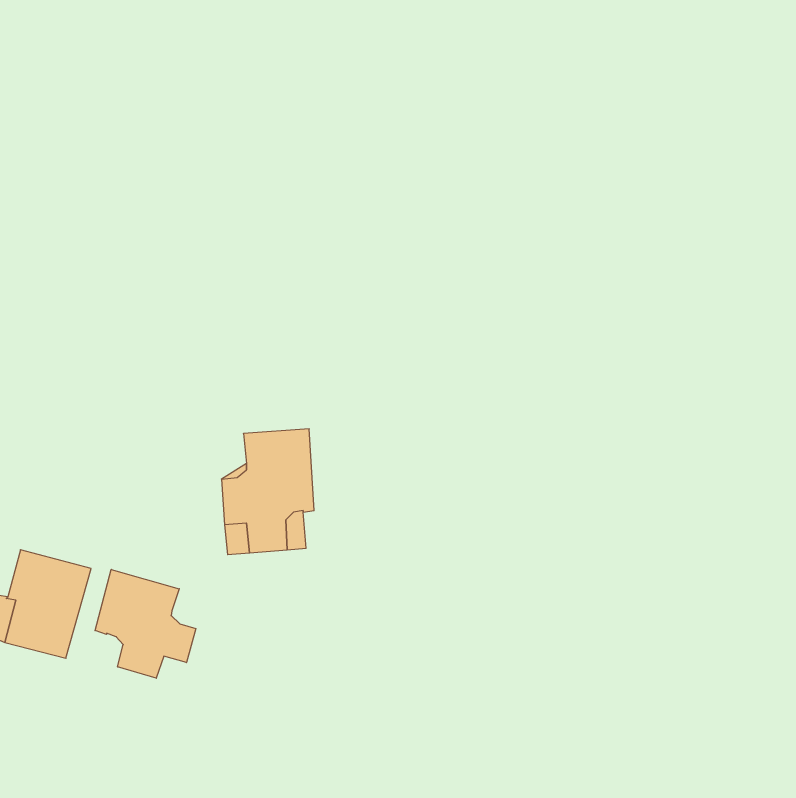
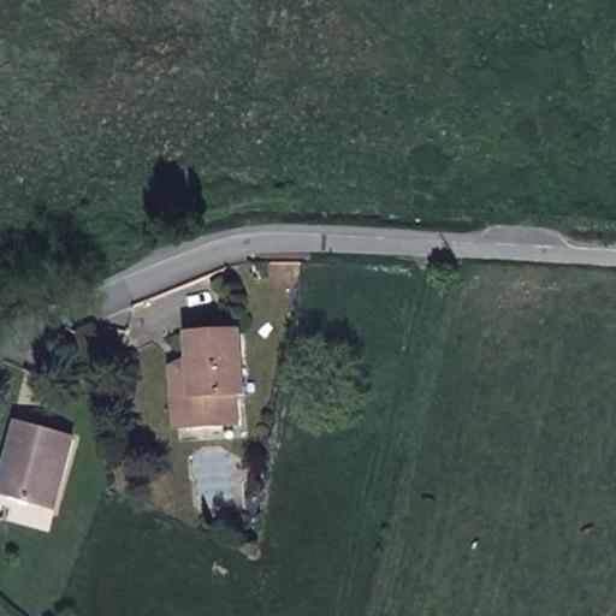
building: [95,569,196,678] -> none

